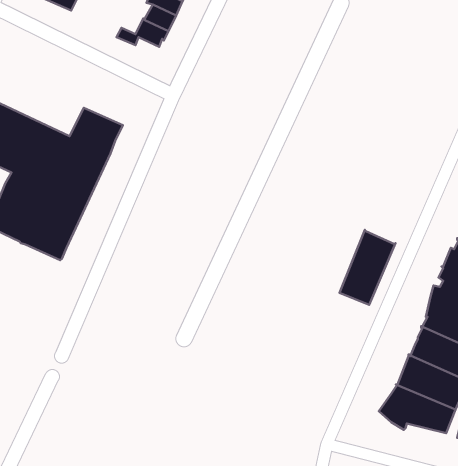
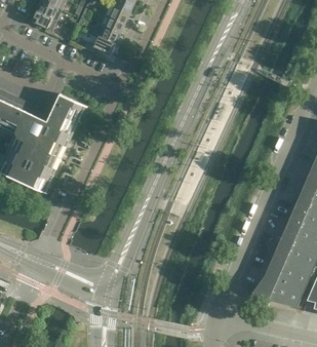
building: [340,230,396,305] -> none

